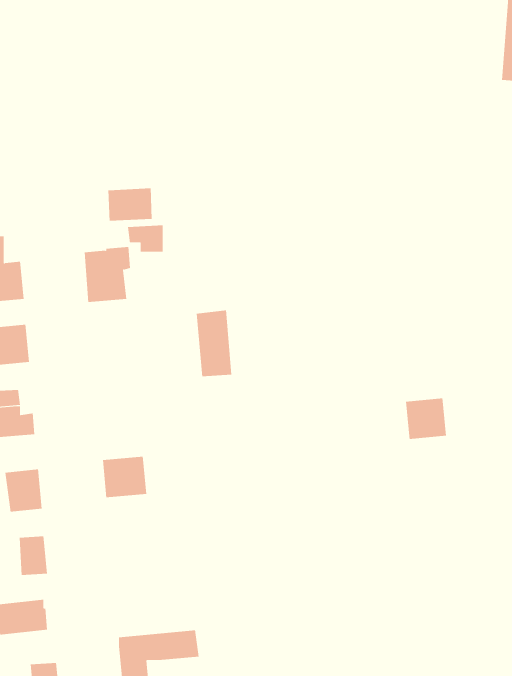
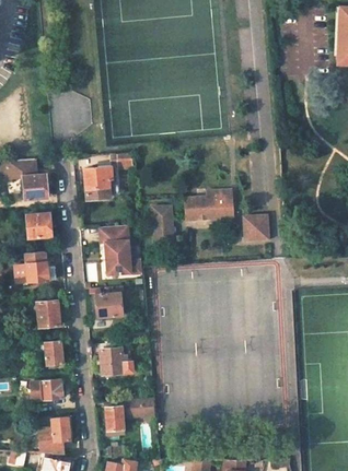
building: [108,188,152,222] -> none
building: none -> [185,188,235,221]
building: none -> [100,225,142,274]
building: [405,398,447,440] -> [244,215,269,240]
building: none -> [100,349,132,375]

